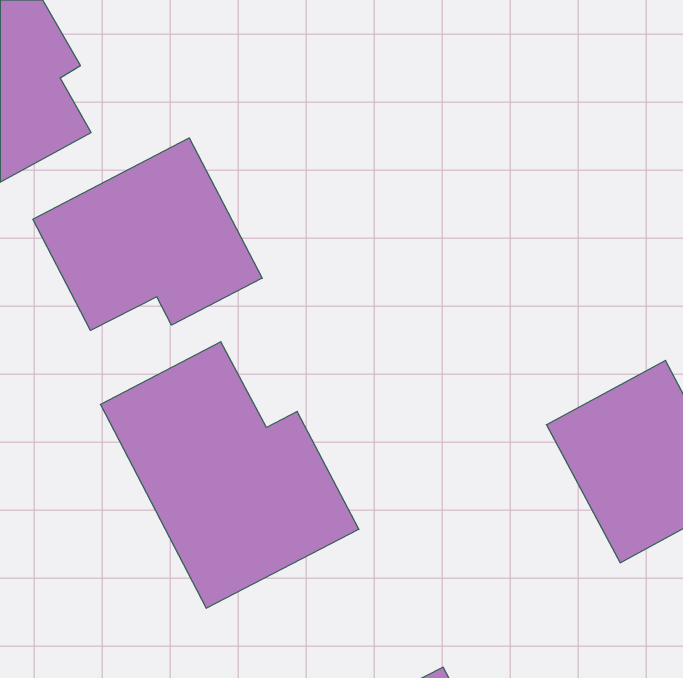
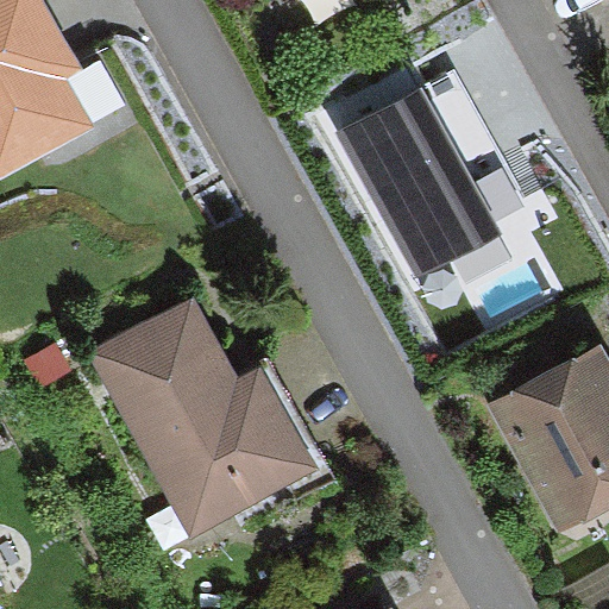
building: none -> [339,81,506,274]
building: [33,138,262,330] -> none

